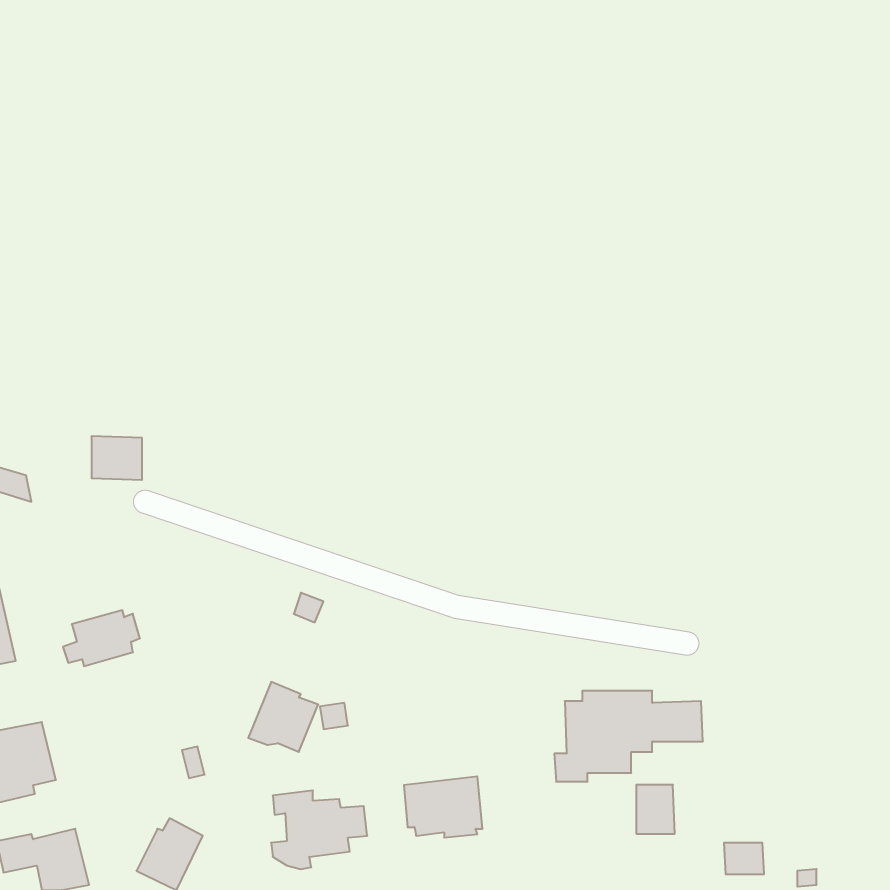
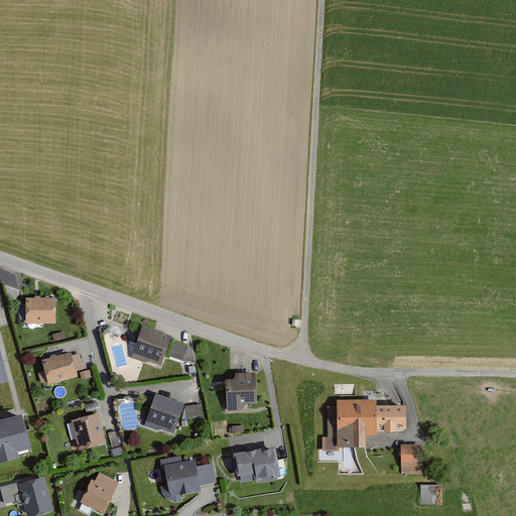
building: [91,436,142,480] -> [25,297,54,322]
building: none -> [131,327,170,366]
building: none -> [227,373,258,411]
building: none -> [72,414,105,449]
building: [636,785,675,834] -> [398,444,420,473]

